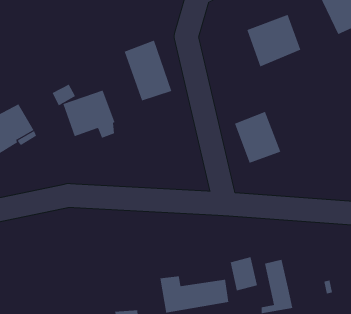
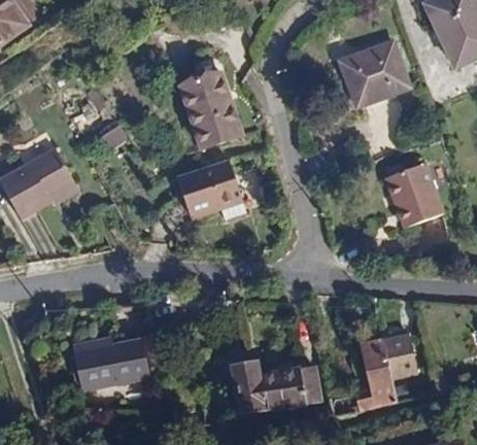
building: [63,90,116,139] -> [184,158,250,218]
building: [234,111,281,163] -> [382,159,441,224]
building: none -> [78,336,146,385]
building: [230,256,258,291] -> [384,336,419,379]

